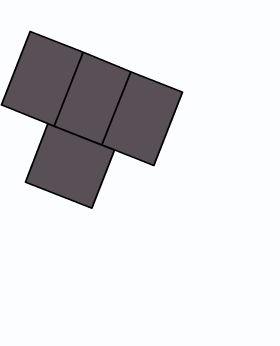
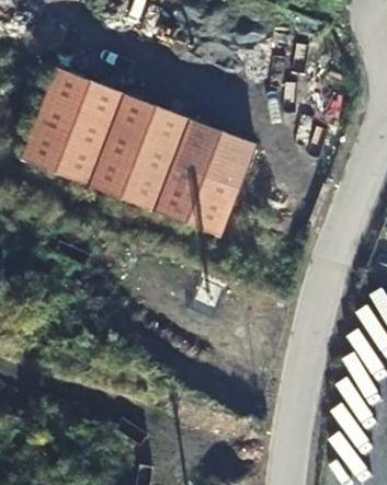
building: [26,124,115,208] -> none

